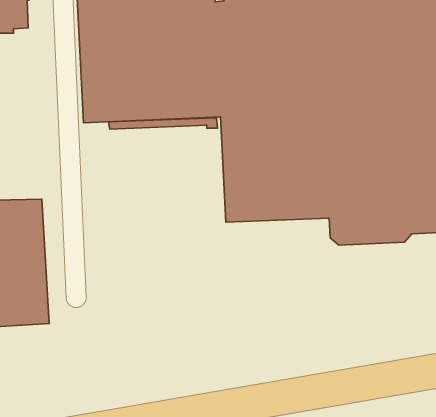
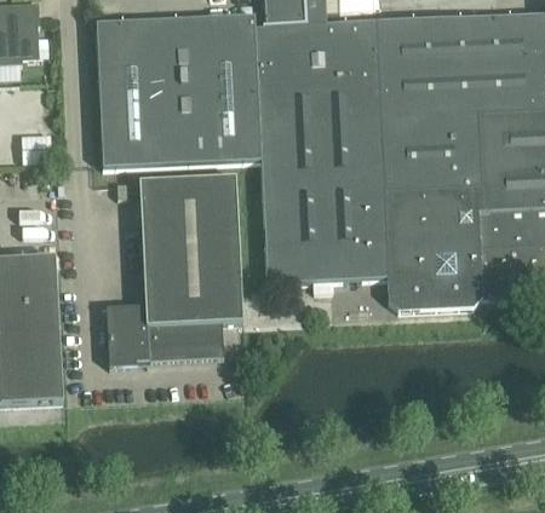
building: none -> [109,174,242,367]

